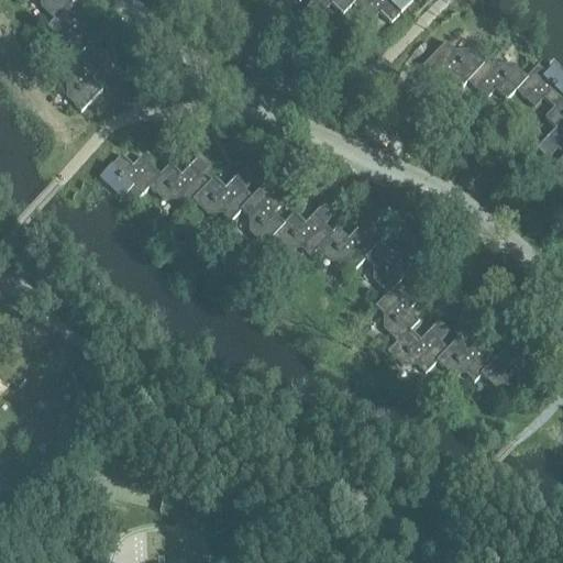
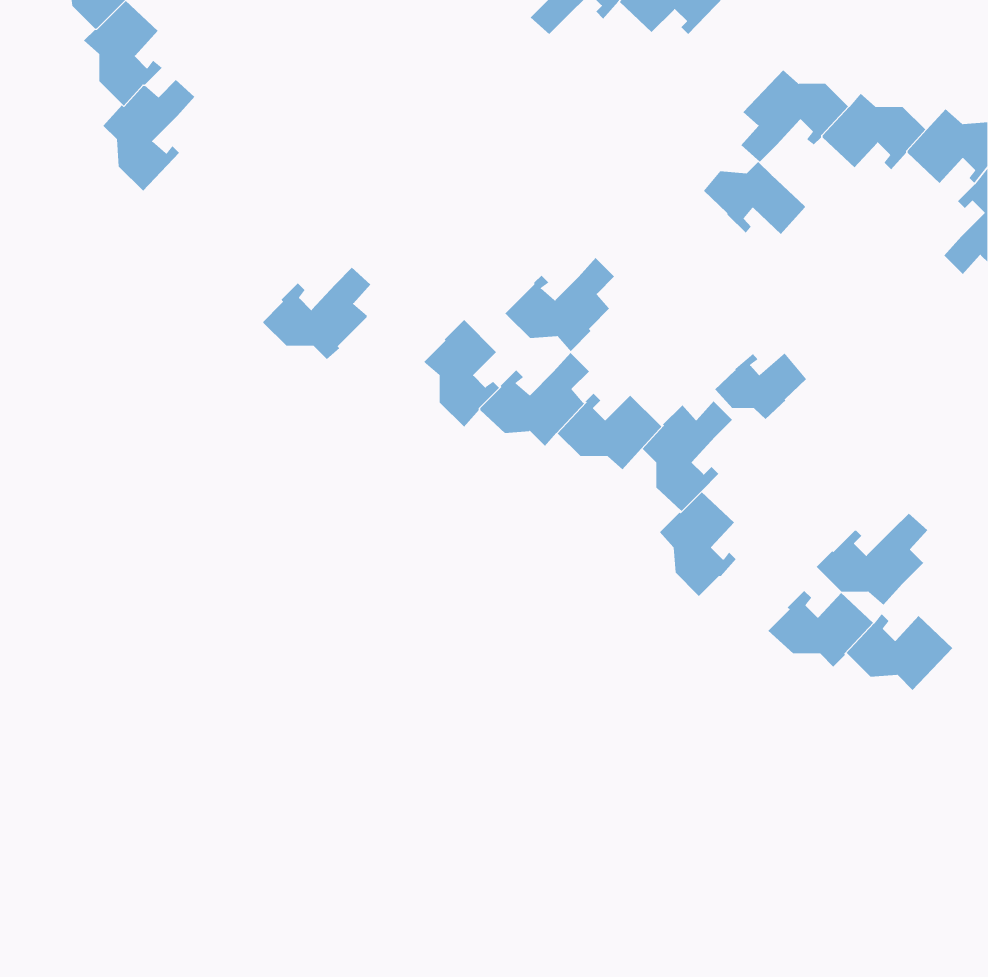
building: none -> [703,161,805,235]
building: [100,153,161,196] -> none
building: [192,165,255,219] -> [505,257,615,352]
building: none -> [713,352,807,420]
building: [387,318,451,371] -> [816,513,928,606]

